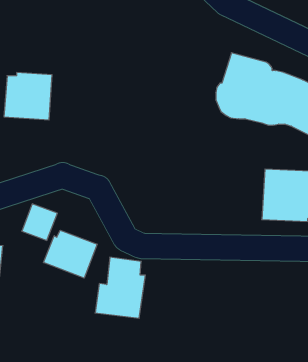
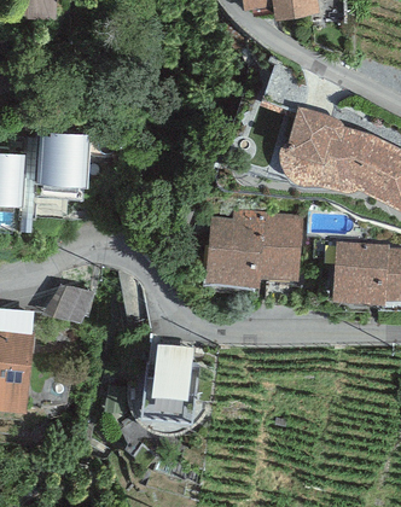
building: none -> [204,210,302,286]
building: [44,230,97,278] -> none

